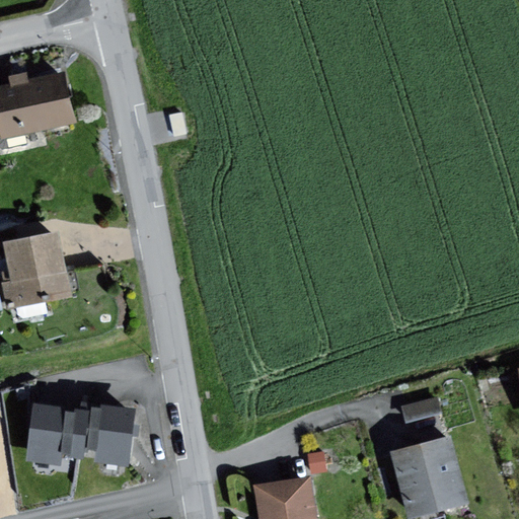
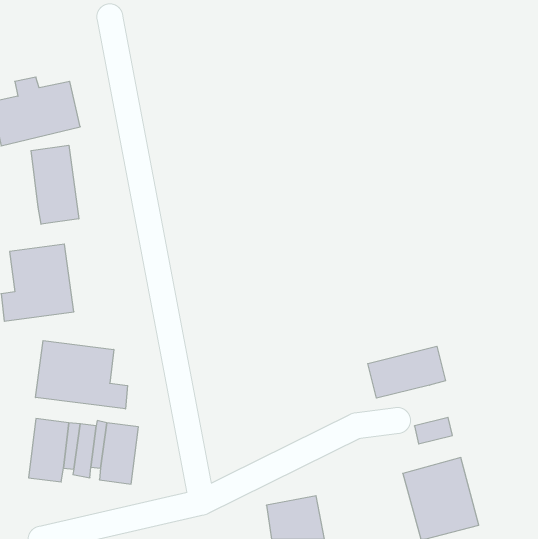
building: none -> [31,145,79,224]
building: none -> [36,341,128,409]
building: none -> [368,346,446,398]

